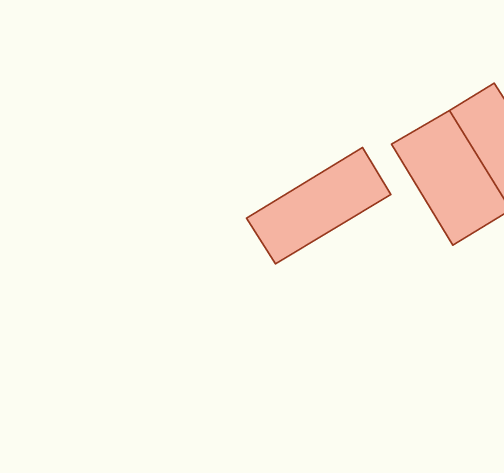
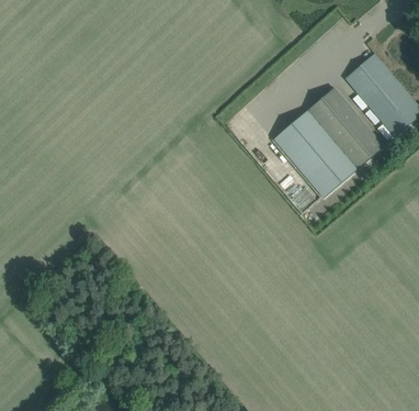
building: [246,148,391,264] -> none

